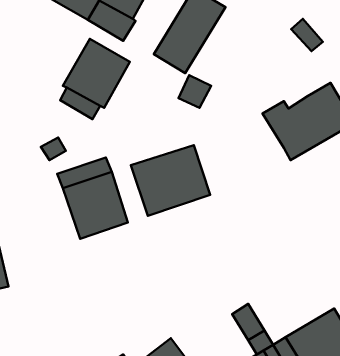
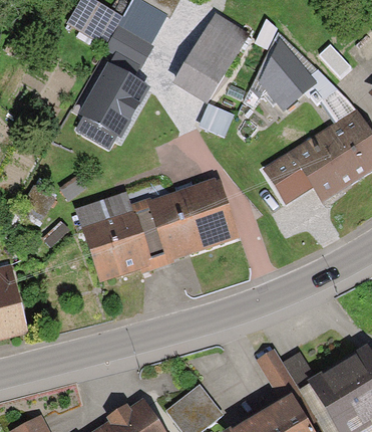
building: none -> [262,37,360,128]
building: none -> [261,150,311,199]
building: none -> [130,200,168,260]

